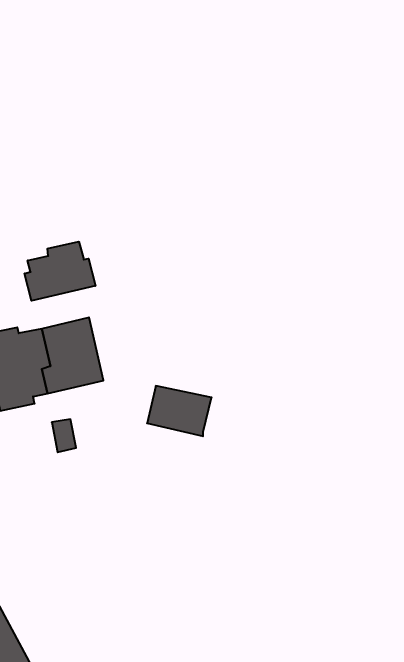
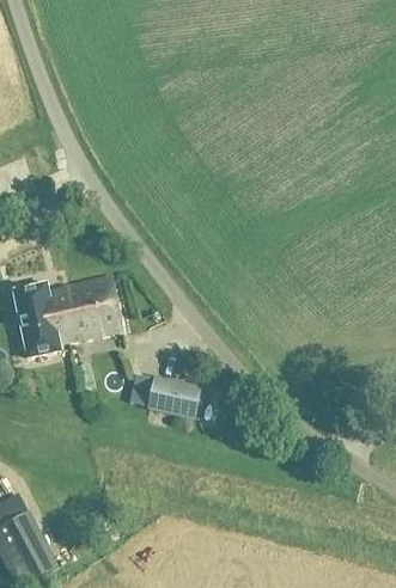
building: [25,242,95,301] -> none
building: [147,386,212,436] -> [148,374,202,416]

